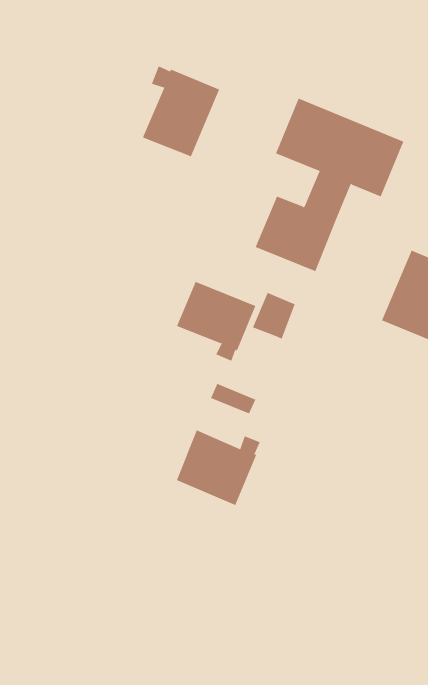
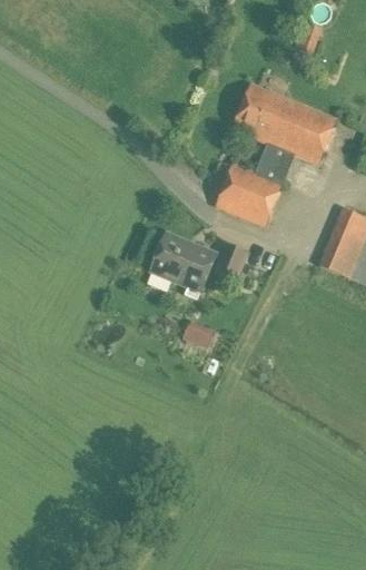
building: [142,66,220,157] -> none
building: [176,430,260,506] -> none

